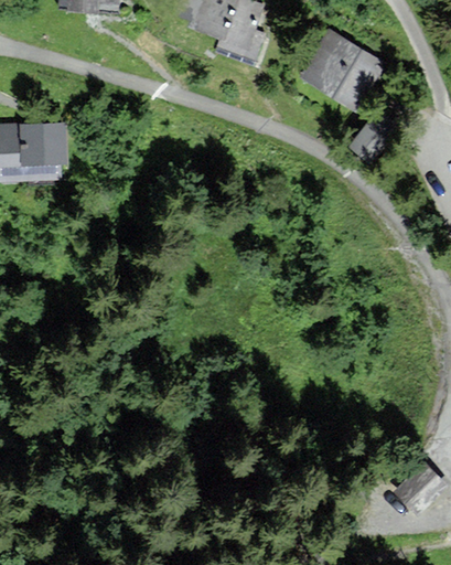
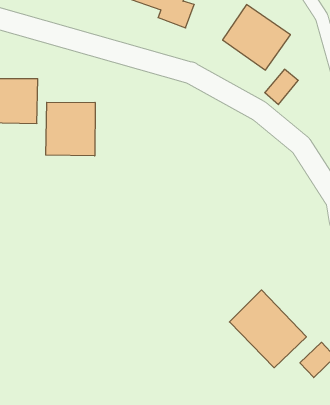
building: none -> [46,102,95,156]
building: none -> [229,290,306,368]

